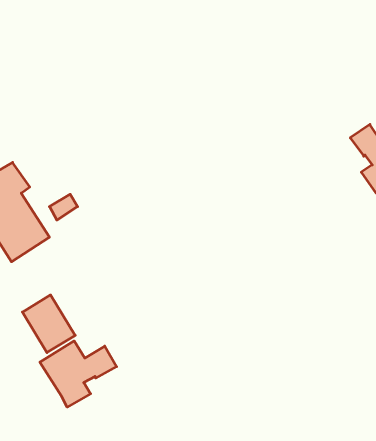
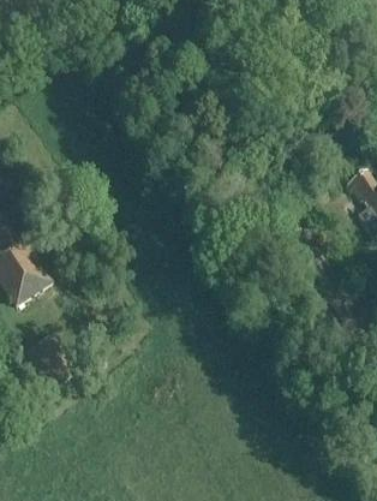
building: [40,341,117,407] -> none

